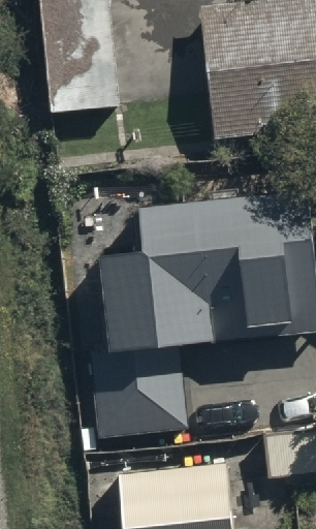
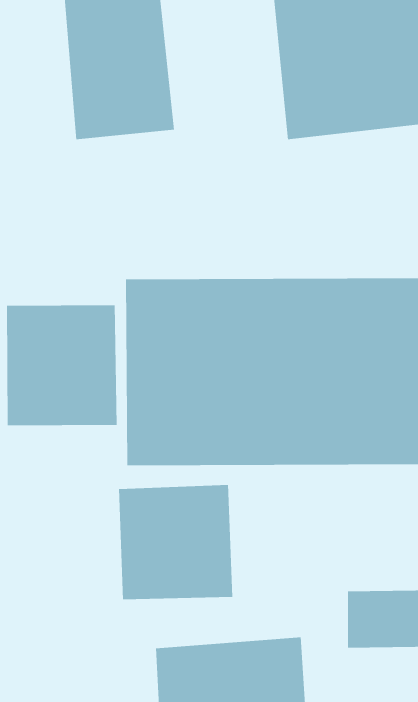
building: none -> [7,304,117,426]

